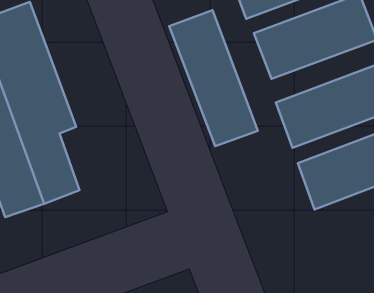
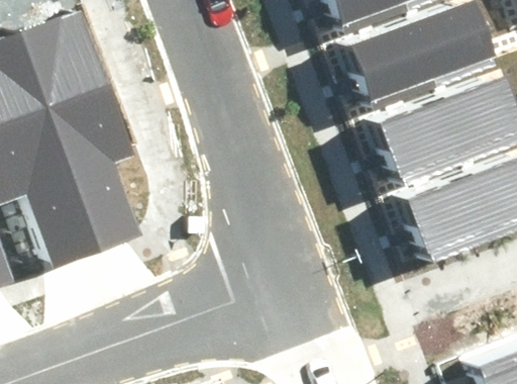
building: [169,10,258,146] -> none

